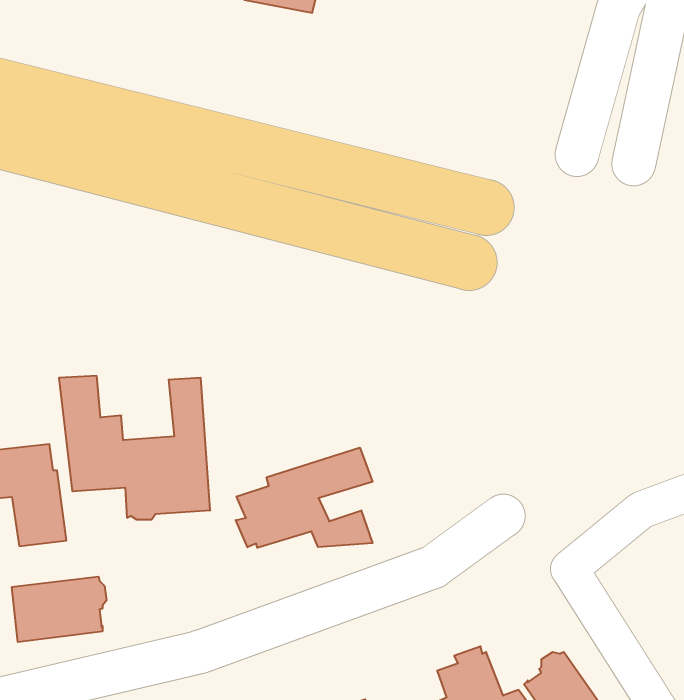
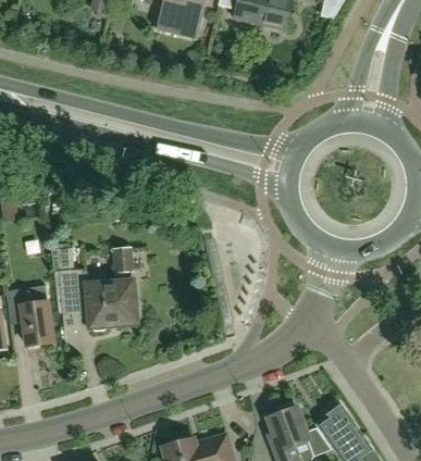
building: [236,448,373,548] -> none
building: [12,577,107,642] -> none

